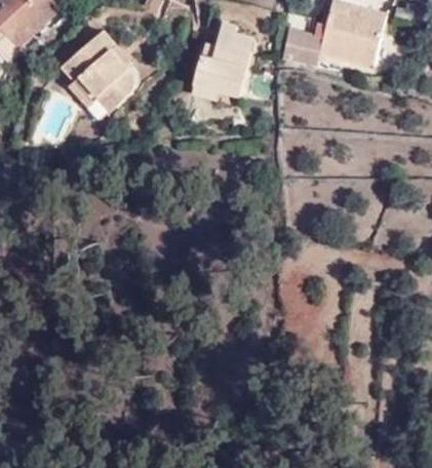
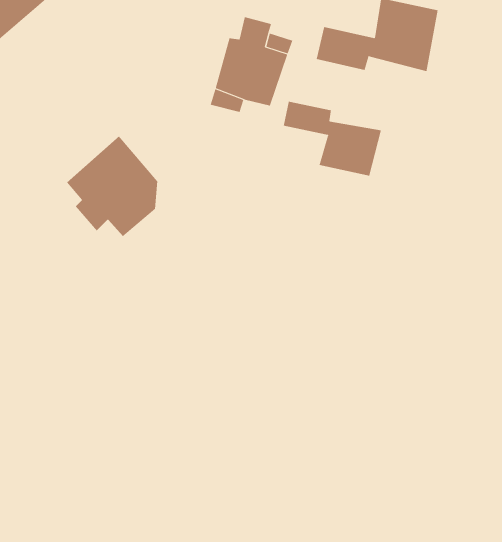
building: [61,29,135,111] -> [66,136,158,237]
building: none -> [283,101,382,177]

